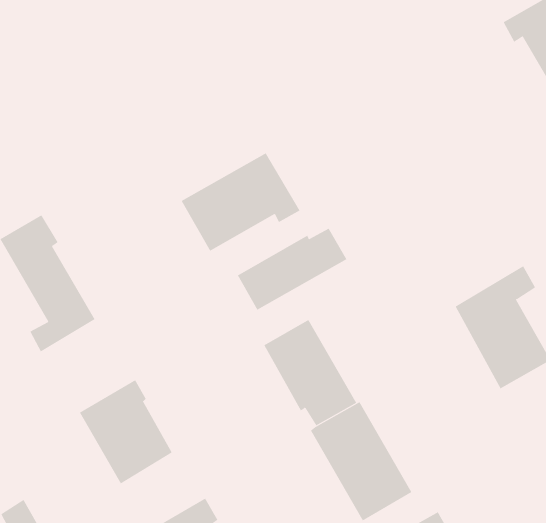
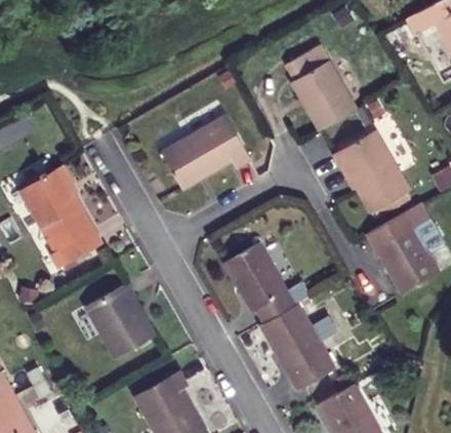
building: none -> [286,45,355,129]
building: none -> [337,129,409,211]
building: [237,228,347,310] -> none

